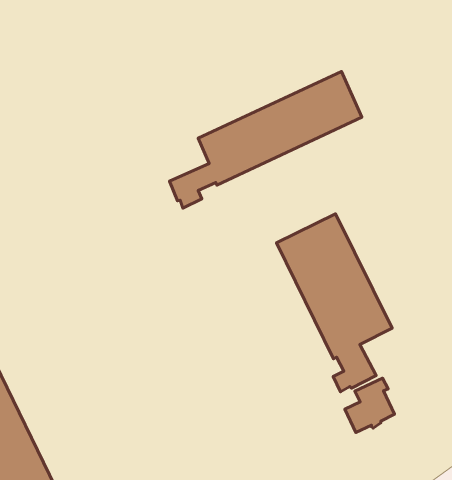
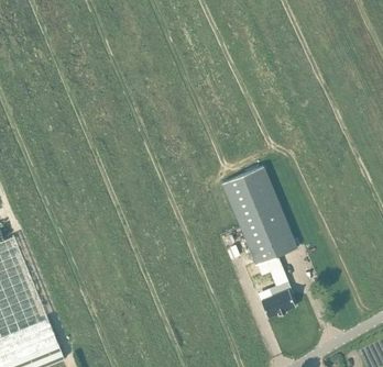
building: [170,71,362,208] -> none

